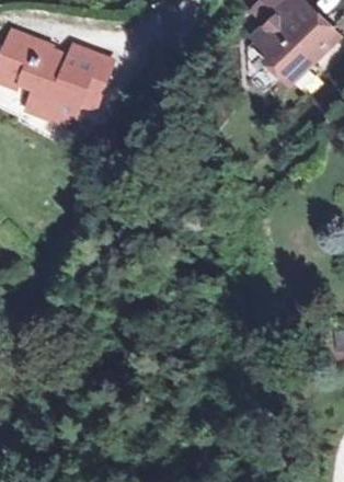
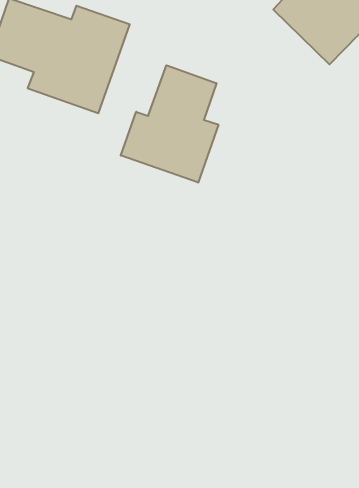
building: none -> [121,65,218,183]

